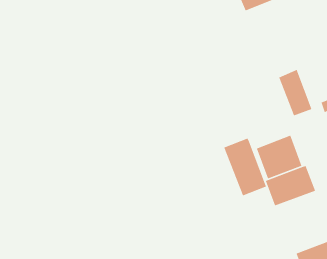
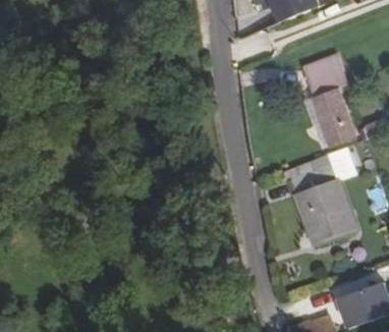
building: none -> [304,56,347,100]
building: [223,138,267,196] -> none

